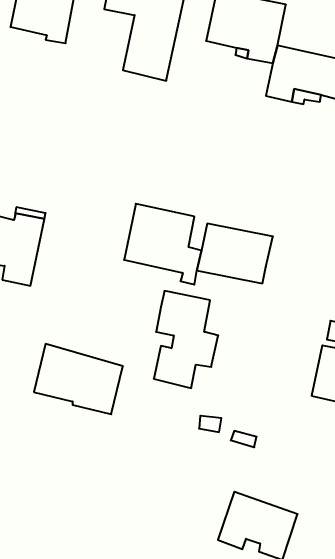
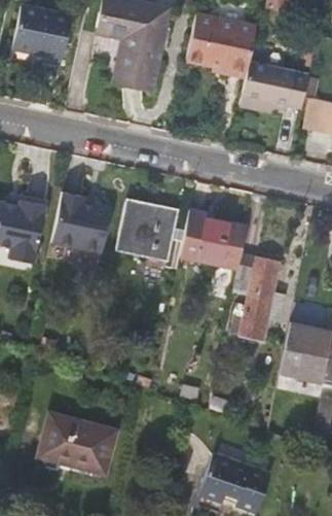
building: none -> [53,192,113,253]
building: [154,291,218,388] -> [230,254,287,340]
building: [34,344,123,414] -> [38,412,116,474]

